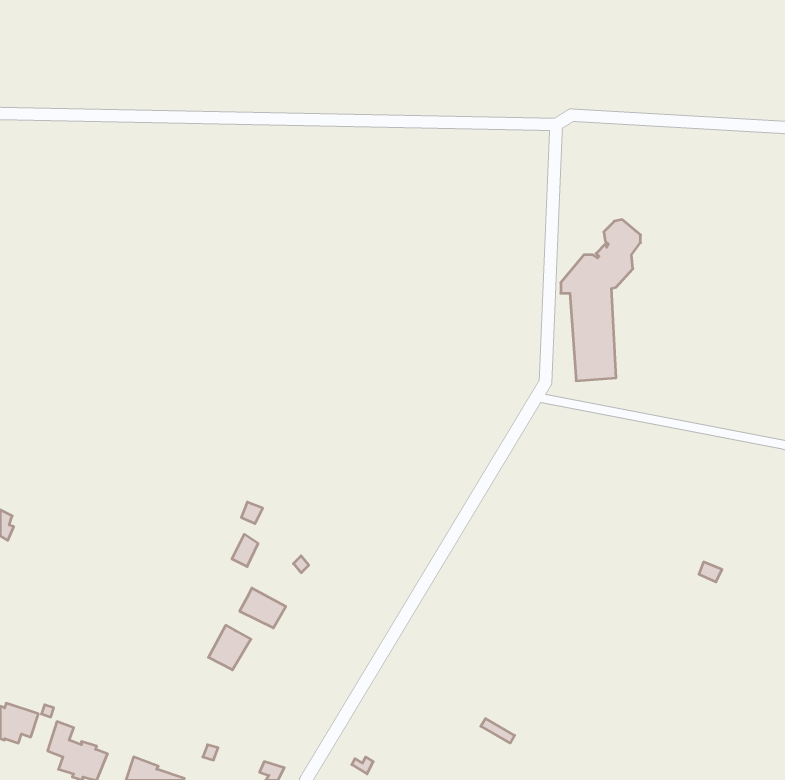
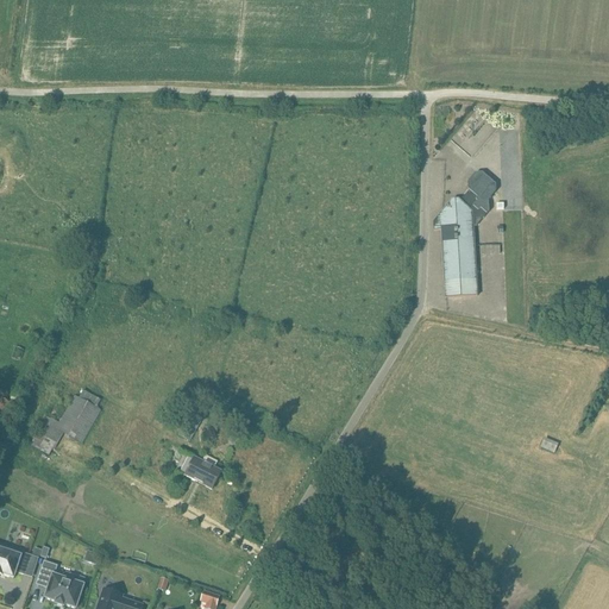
building: none -> [31,393,102,453]
building: [208,625,251,670] -> none

